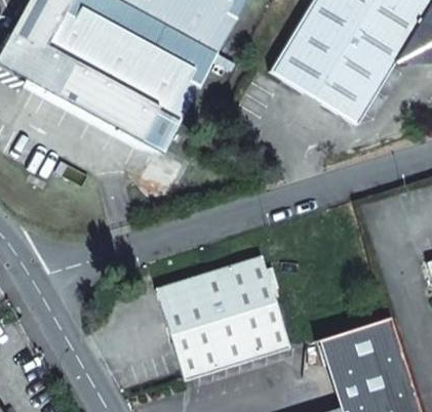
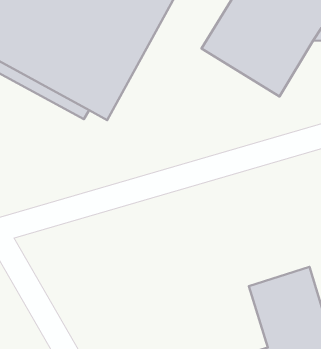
building: [158,257,290,381] -> none

